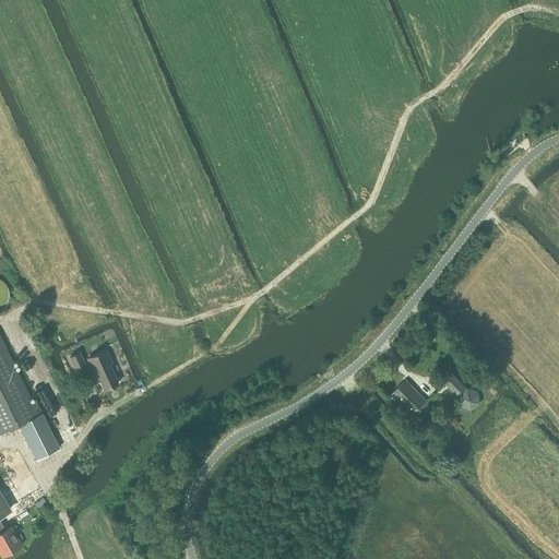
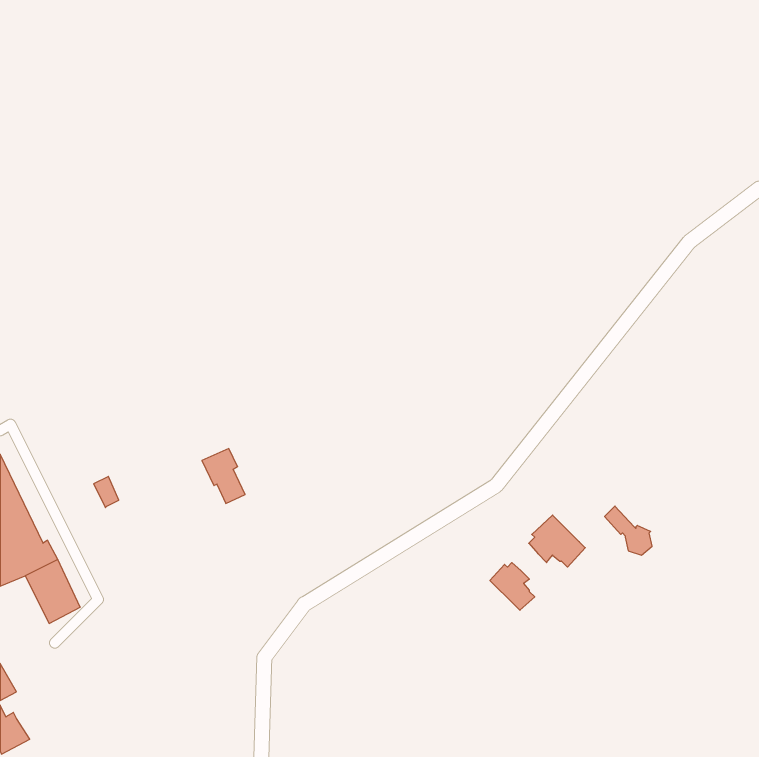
building: [86,348,118,389] -> [202,449,245,503]
building: none -> [490,563,535,610]

